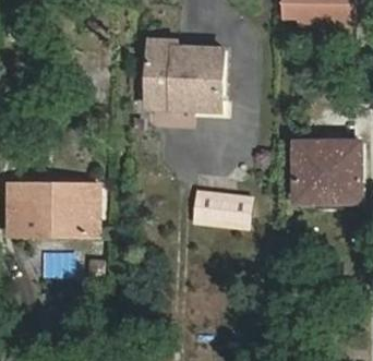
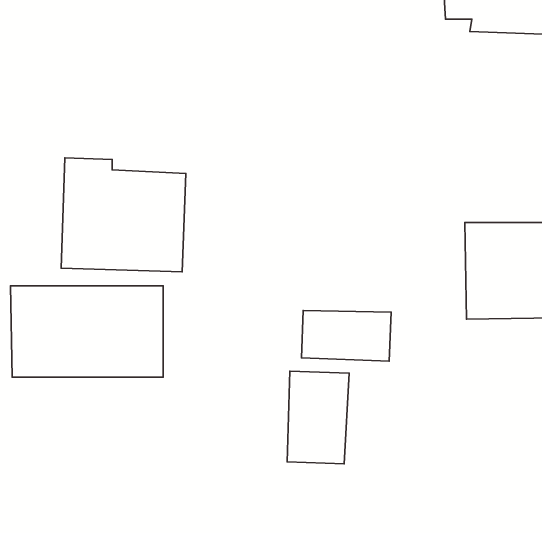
building: [145,38,222,109] -> [61,158,186,272]
building: none -> [287,371,349,464]

